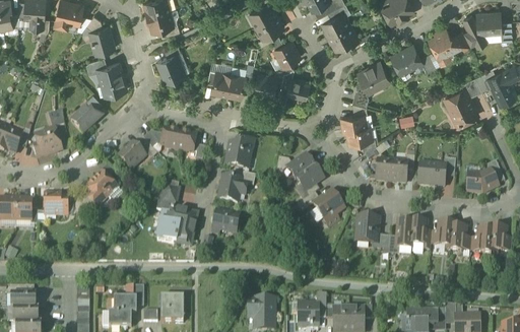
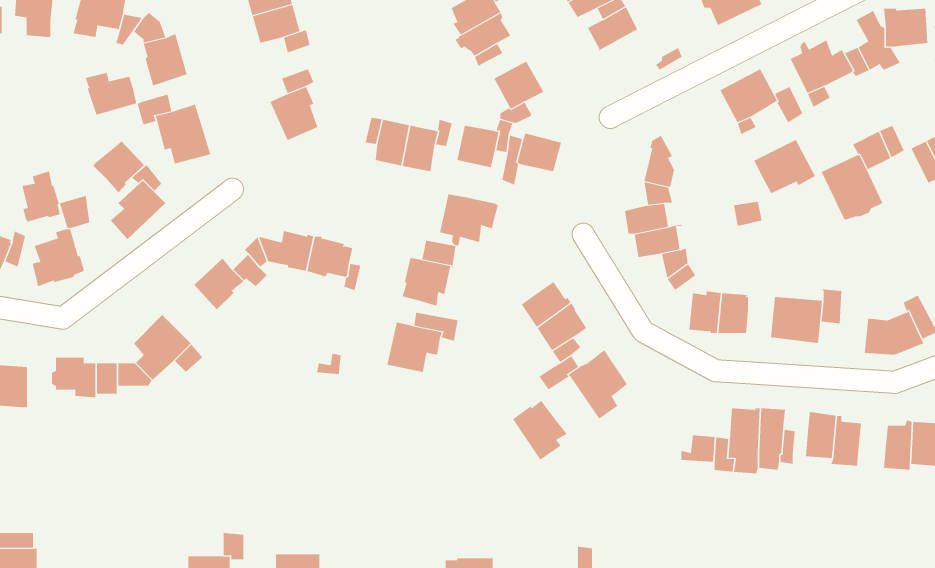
building: [326,21,358,47] -> none
building: none -> [85,72,137,115]
building: [358,59,390,87] -> [753,139,816,194]
building: none -> [92,140,145,193]
building: none -> [22,171,60,223]
building: none -> [439,194,498,246]
building: [155,179,196,240] -> none
building: [211,209,239,231] -> none
building: none -> [512,400,567,460]
building: [355,214,377,242] -> none

